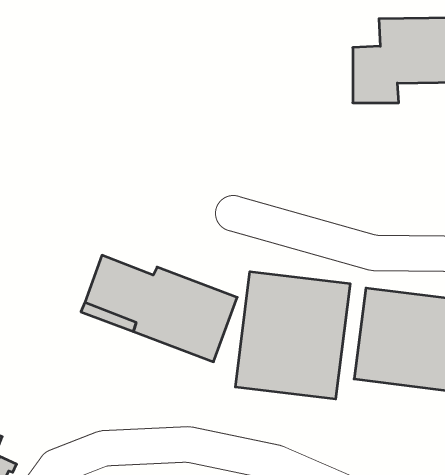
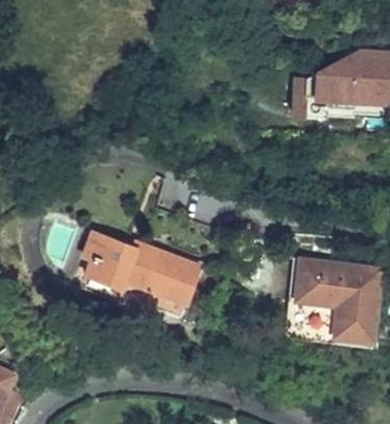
building: [235,272,350,399] -> none

